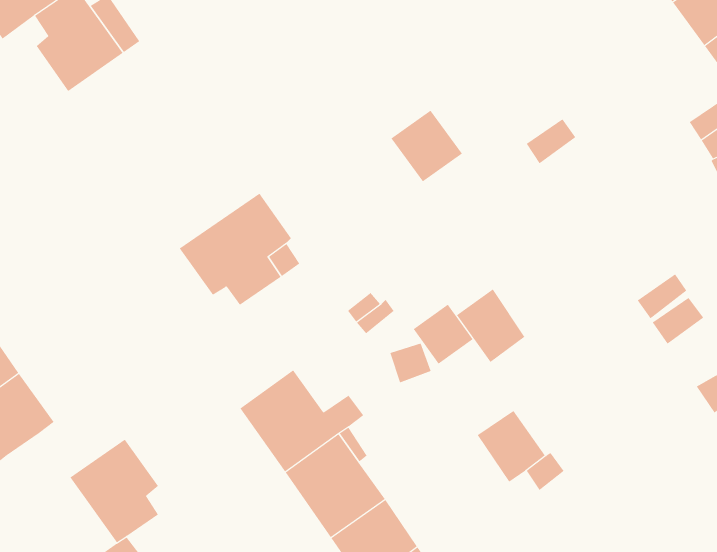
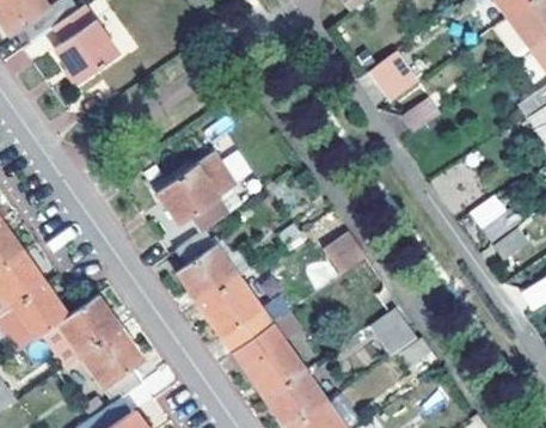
building: [391,110,463,182] -> [366,49,417,100]
building: [456,288,525,363] -> none
building: none -> [176,230,238,305]
building: none -> [57,294,118,354]

